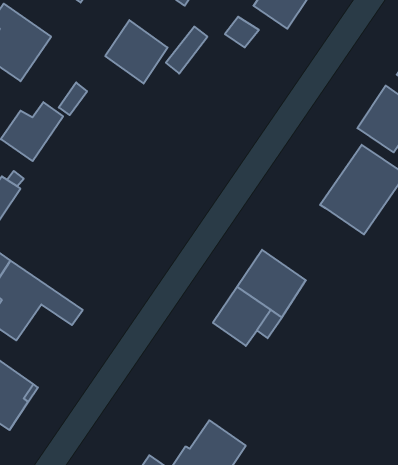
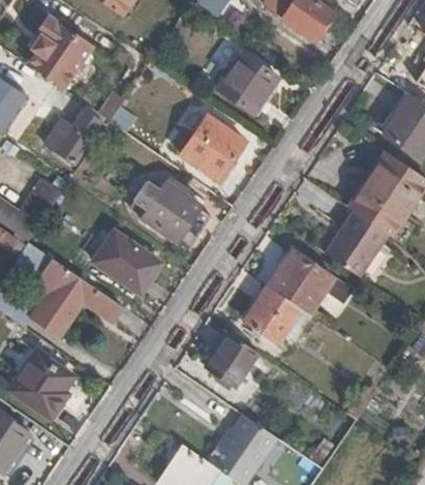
building: [105,20,168,84] -> [218,53,277,113]
building: none -> [182,117,244,179]
building: none -> [133,182,201,243]
building: none -> [324,210,385,274]
building: none -> [93,232,160,294]
building: none -> [207,330,259,384]

